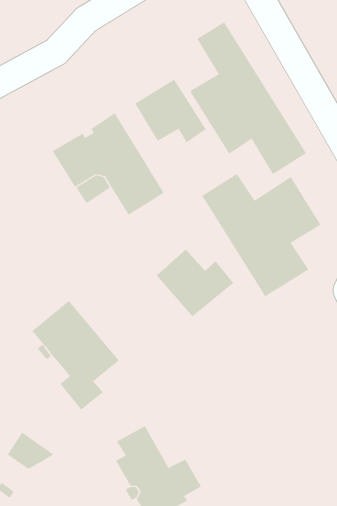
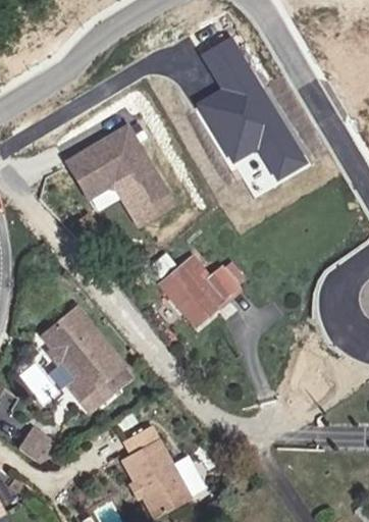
building: [135,79,207,143] -> none
building: [202,173,321,297] -> none

